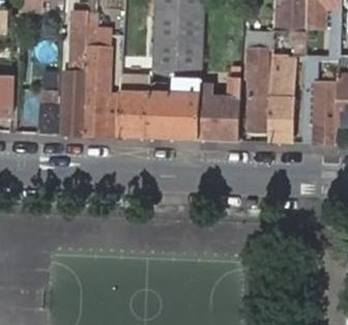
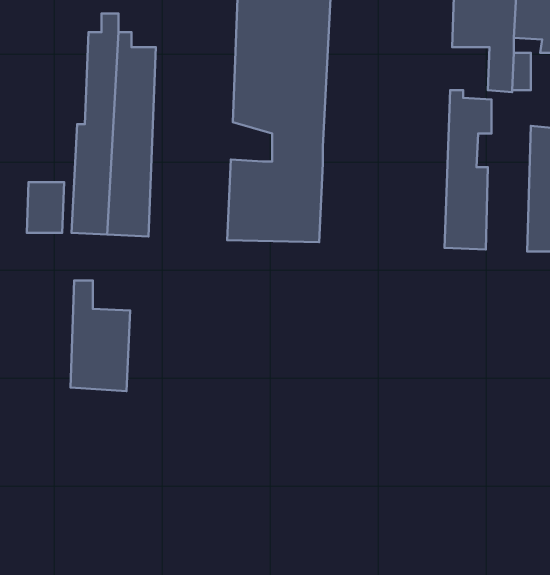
building: [247,34,272,131] -> none
building: [118,76,151,137] -> [70,281,130,391]
building: [200,79,241,140] -> none

